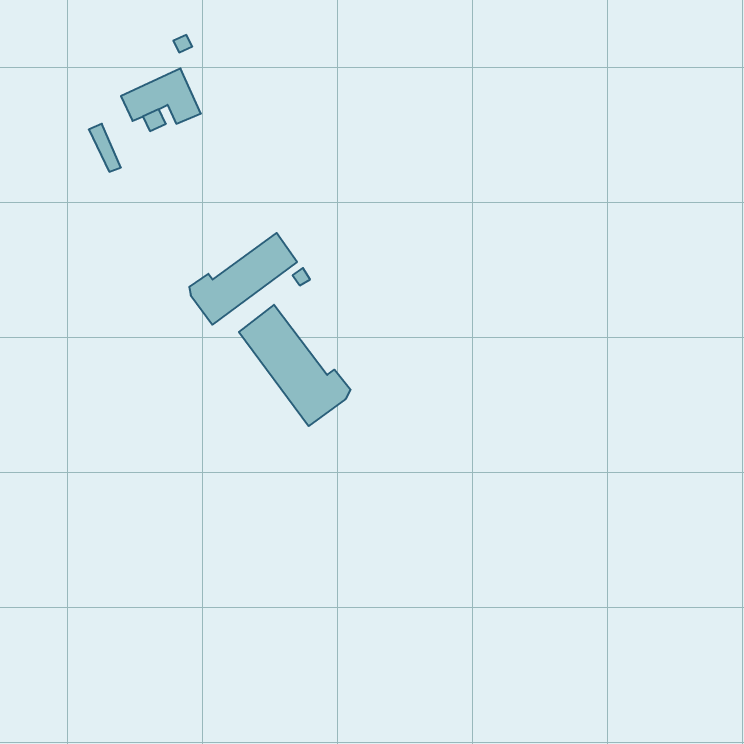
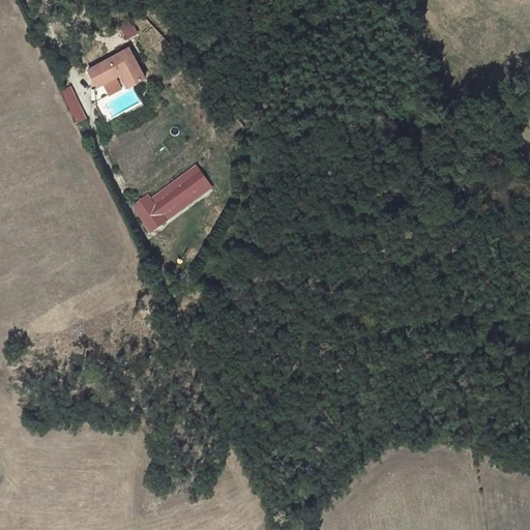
building: [239,305,351,426] -> none

